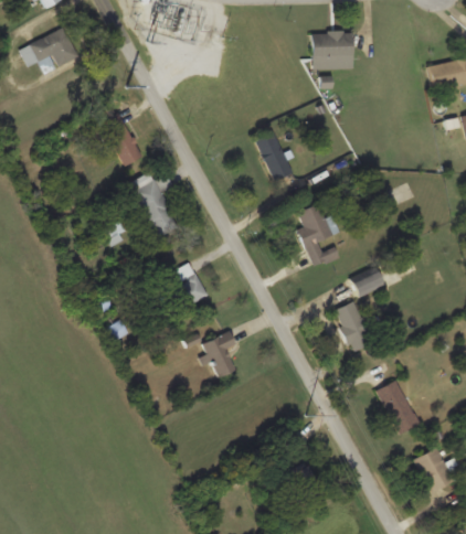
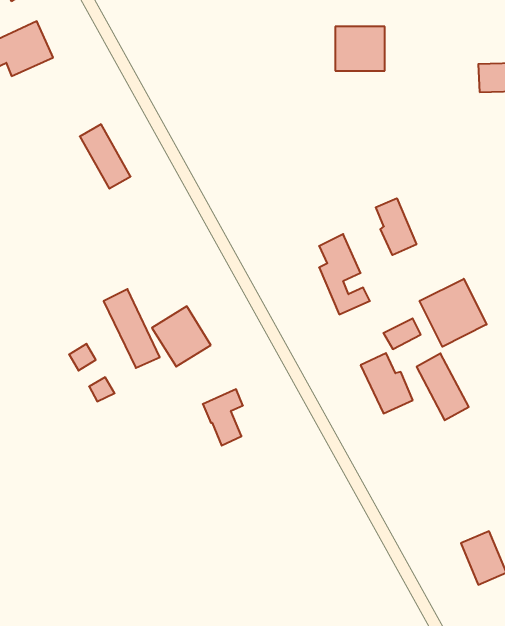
building: [255,131,293,181] -> none
building: [133,172,179,237] -> [104,289,160,368]
building: none -> [376,198,416,255]
building: none -> [420,279,487,347]
building: [377,380,420,435] -> [417,353,469,420]

